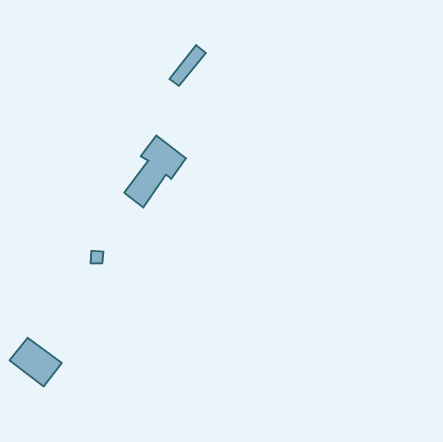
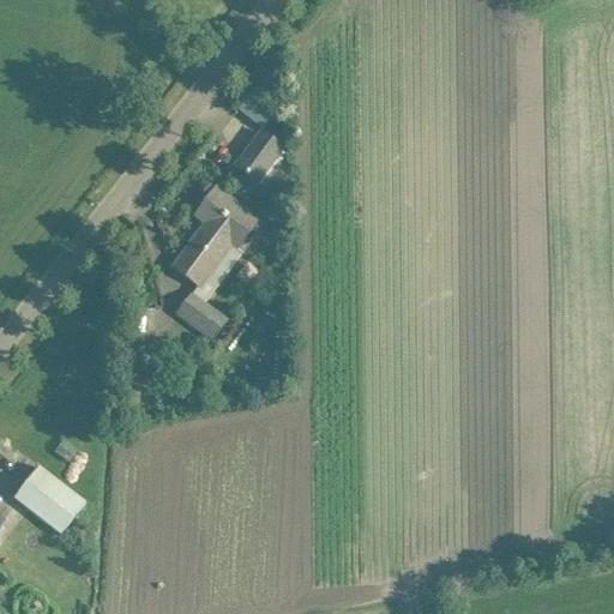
building: none -> [233,131,285,191]
building: none -> [177,294,223,337]

